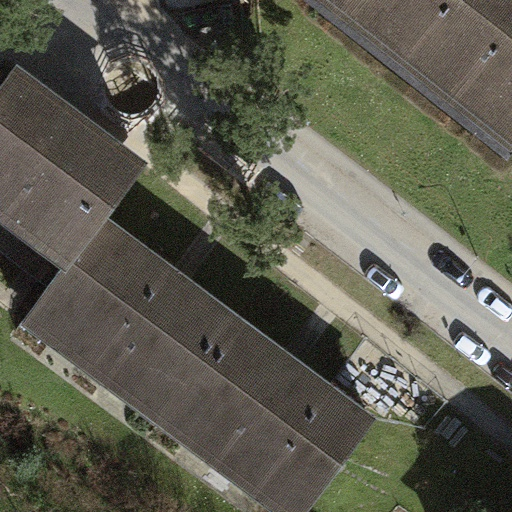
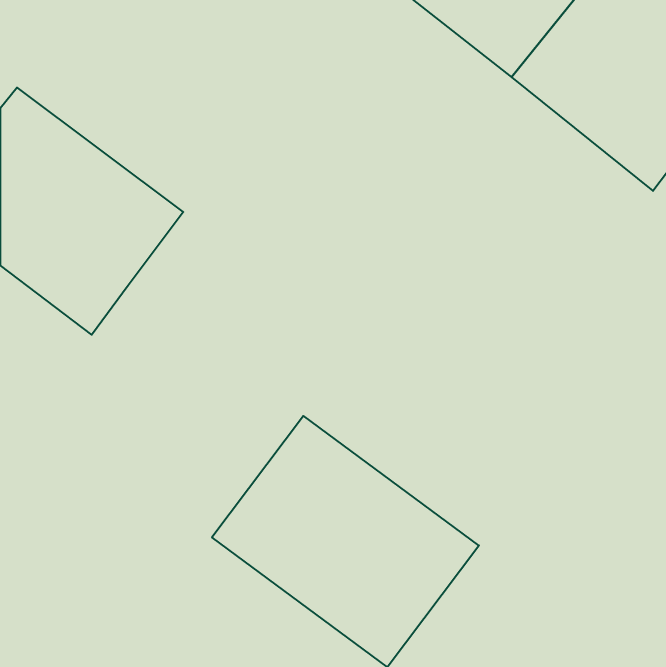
building: [30,218,234,411] -> none

